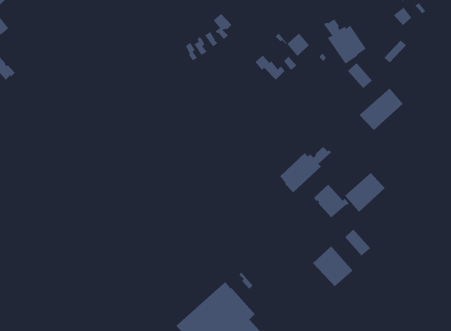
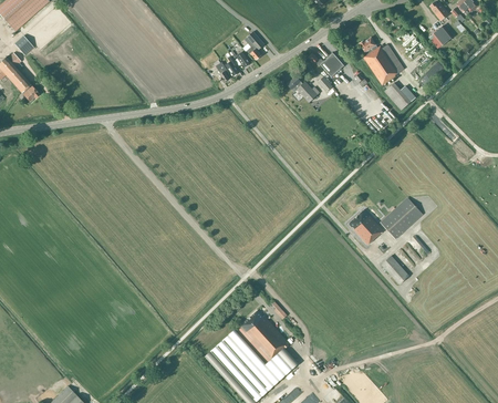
building: [359,88,403,131] -> none
building: [279,146,332,193] -> none
building: [312,245,354,287] -> none

